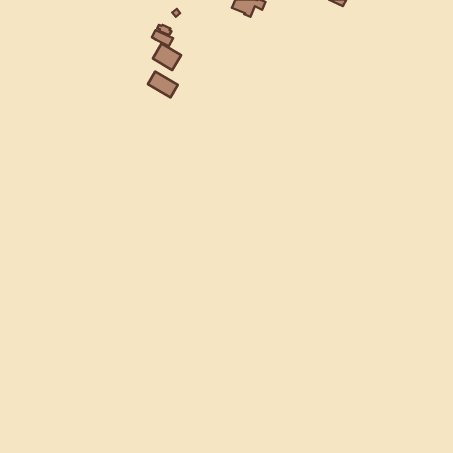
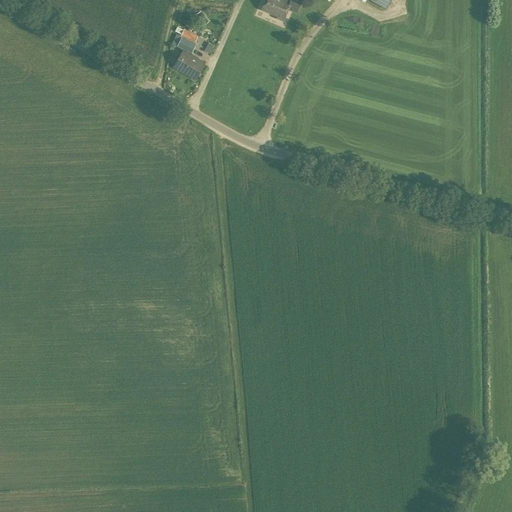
building: [148,72,178,98] -> none

